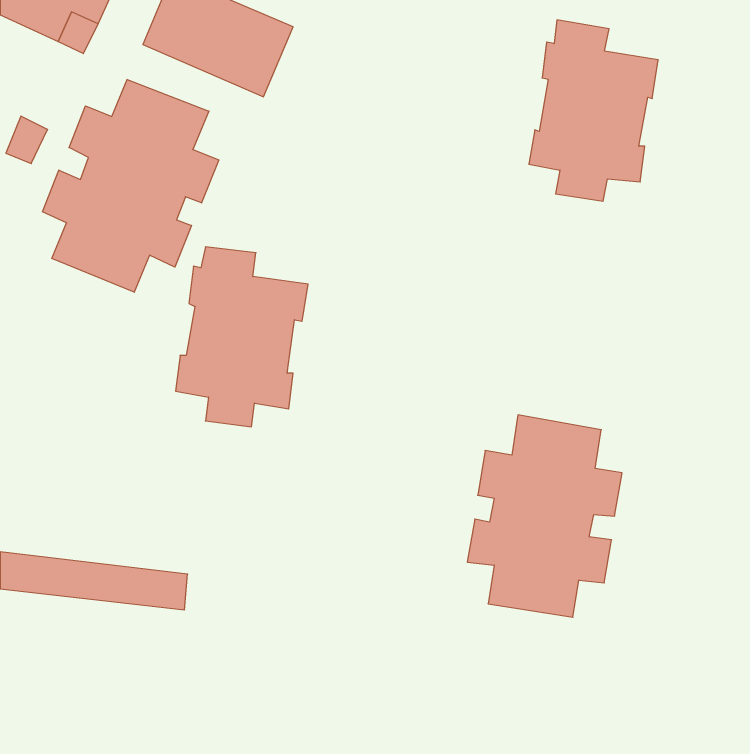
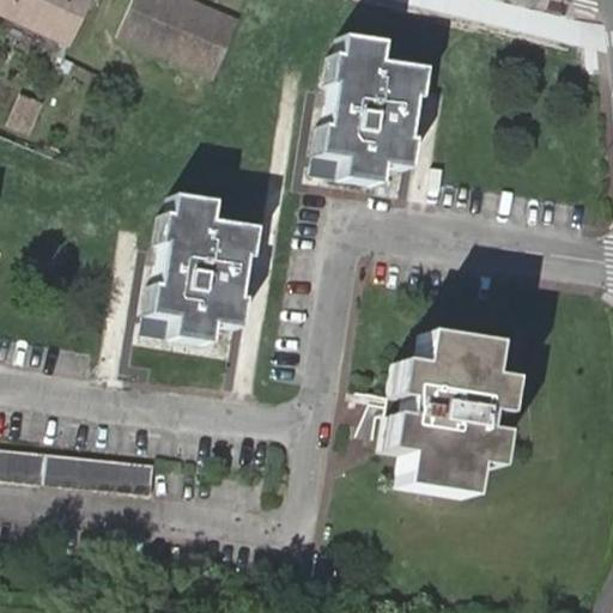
building: [529,20,658,201] -> [320,38,424,184]
building: [43,79,219,292] -> none

